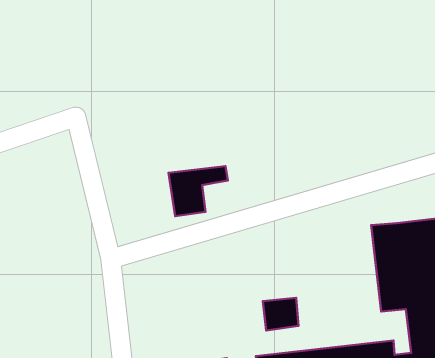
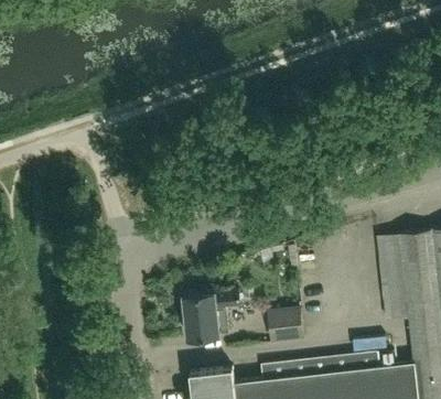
building: [169,166,228,216] -> [181,291,239,341]

